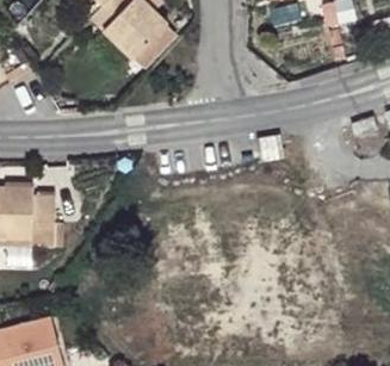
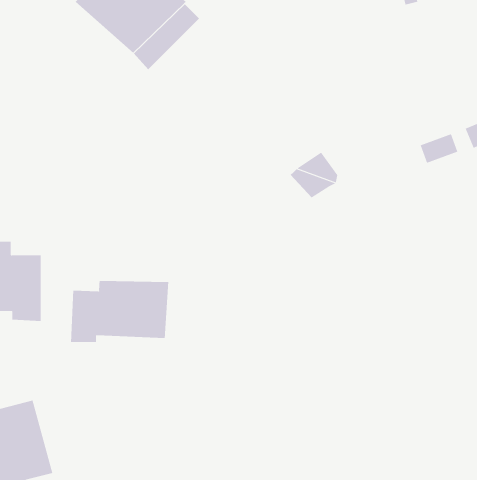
building: none -> [71,280,169,343]

